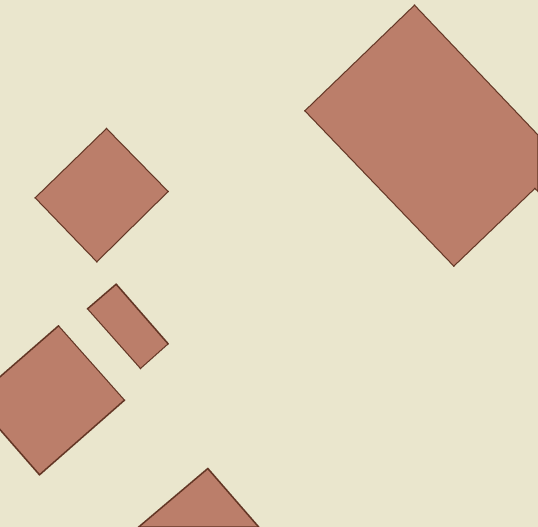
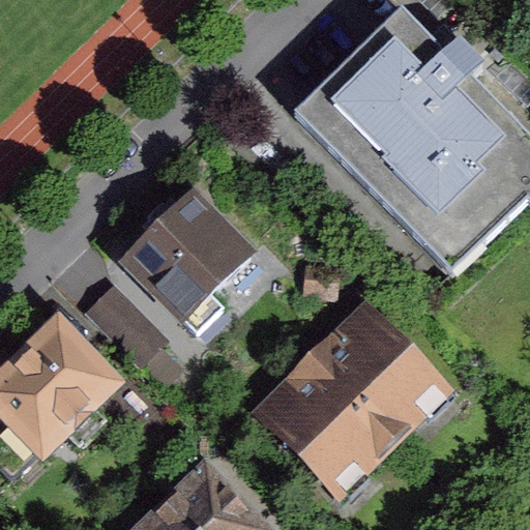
building: [35,129,168,262] -> [125,195,255,324]
building: none -> [252,297,450,495]

